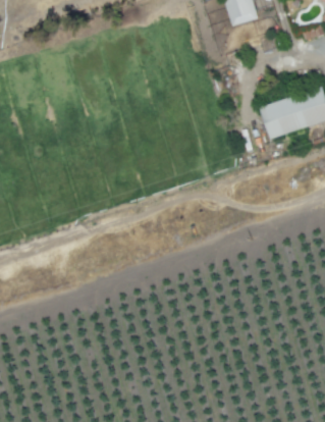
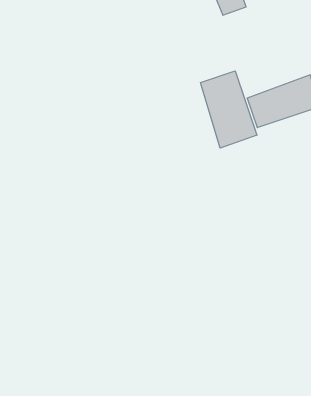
building: none -> [200,71,257,148]

